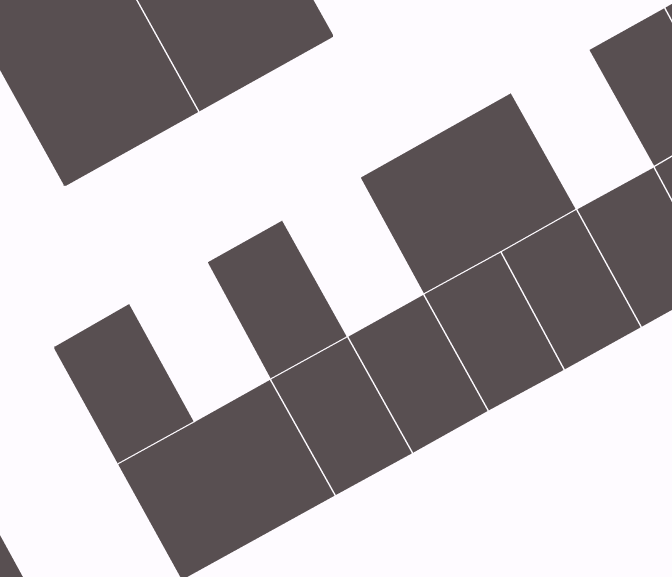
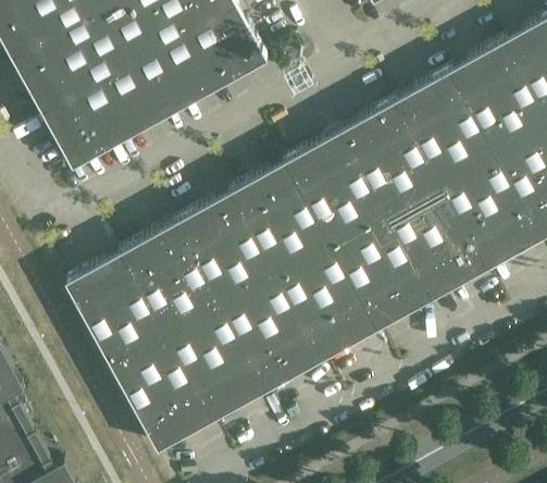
building: none -> [395,71,497,185]
building: none -> [231,162,332,276]
building: none -> [121,223,222,337]

